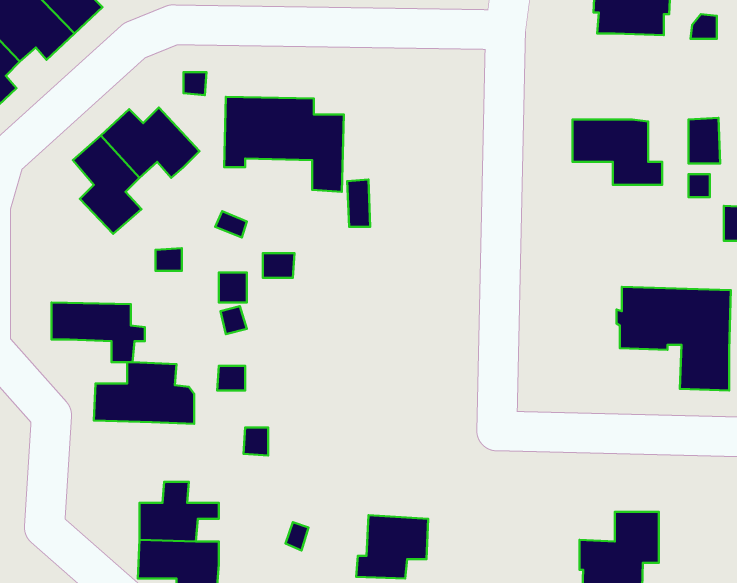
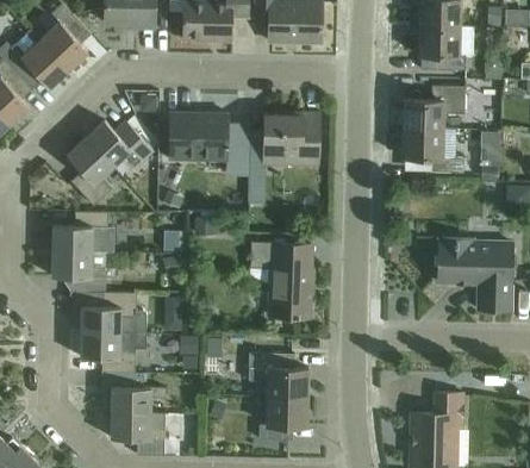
building: none -> [405,86,467,127]
building: none -> [263,113,320,163]
building: none -> [52,211,117,252]
building: none -> [250,241,313,318]
building: none -> [81,331,149,373]
building: none -> [249,351,308,398]

